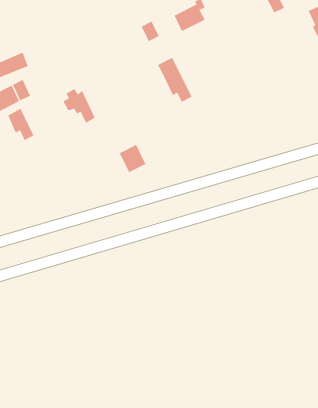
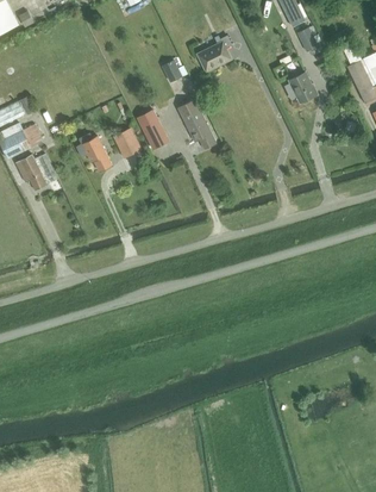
building: none -> [284,70,317,102]
building: none -> [136,110,168,149]
building: [119,144,146,173] -> [112,127,142,158]

